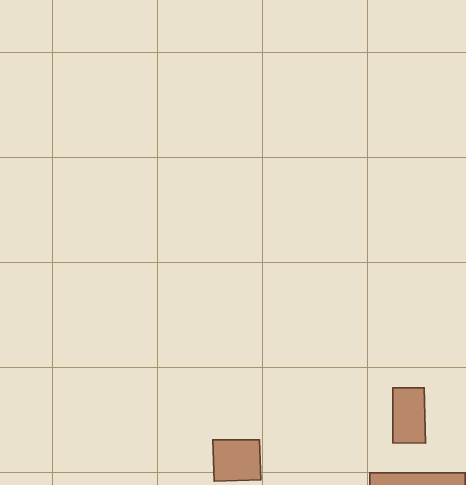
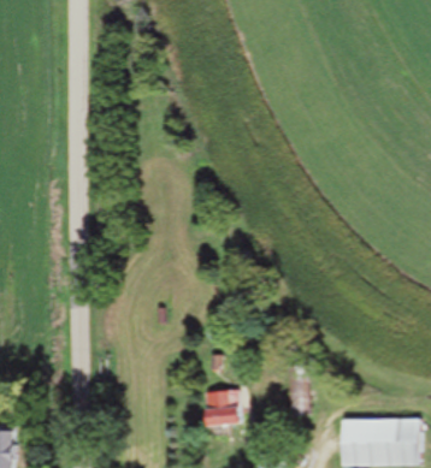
building: [393,388,425,443] -> none

